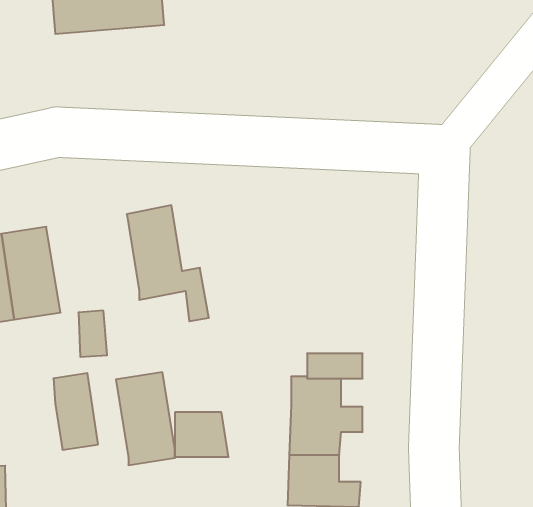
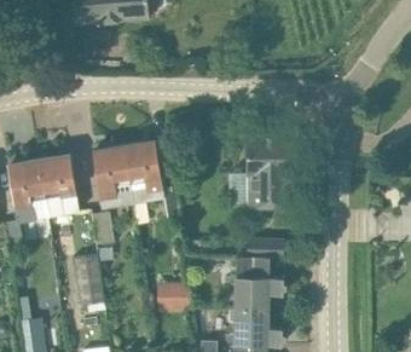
building: none -> [245,135,295,207]
building: [116,372,175,465] -> [92,146,132,209]

